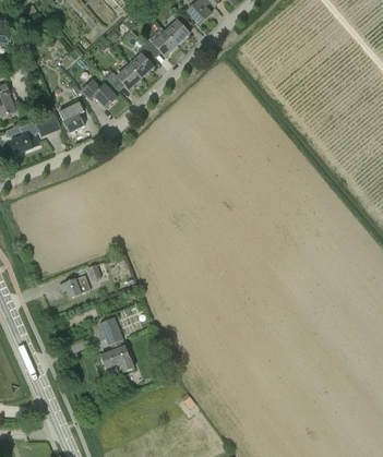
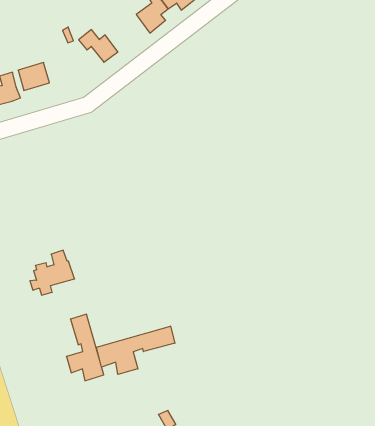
building: [106,64,141,89] -> none
building: [58,98,83,132] -> none
building: none -> [96,326,175,374]

